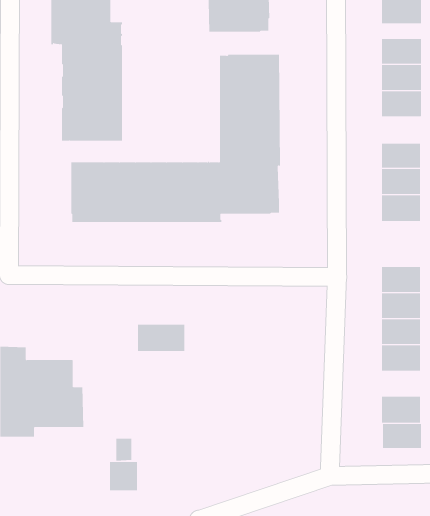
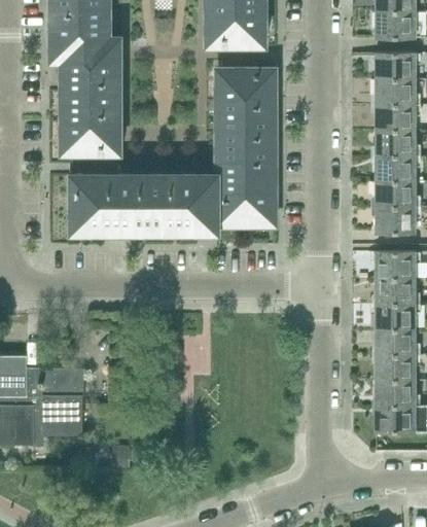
building: none -> [376,131,415,156]
building: none -> [376,252,415,278]
building: [138,324,185,352] -> none
building: [382,423,422,449] -> [376,381,415,406]
building: [110,461,138,491] -> none

